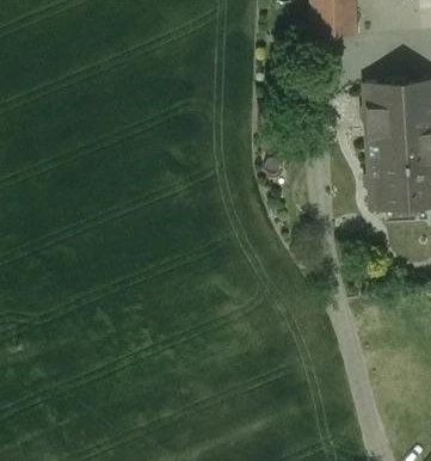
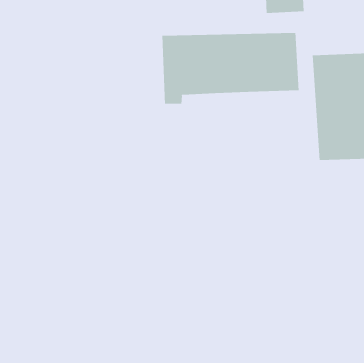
building: none -> [162,32,299,105]

